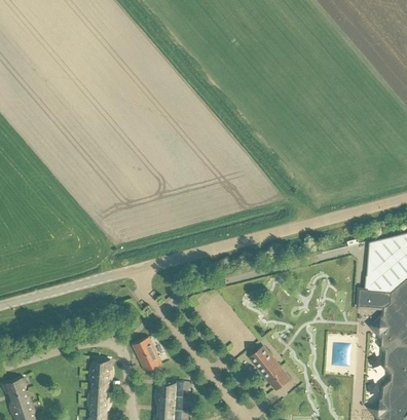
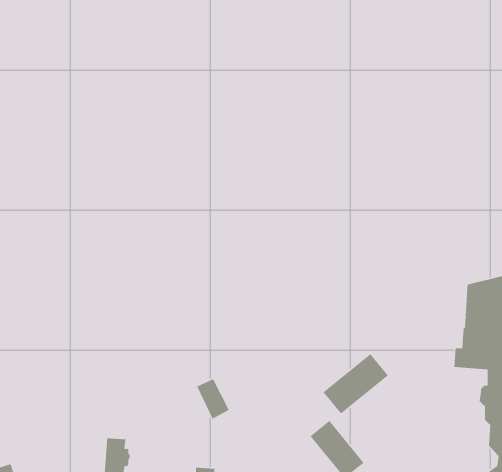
building: none -> [323,353,389,414]
building: [135,339,160,371] -> [196,378,230,420]

